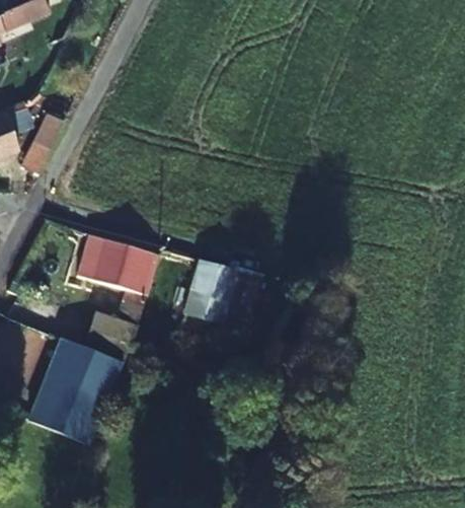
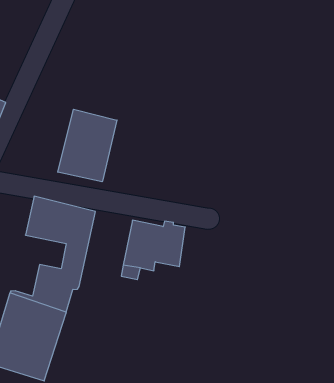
building: none -> [58,109,117,182]

